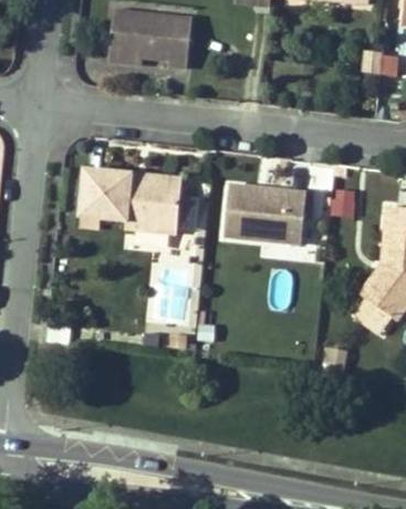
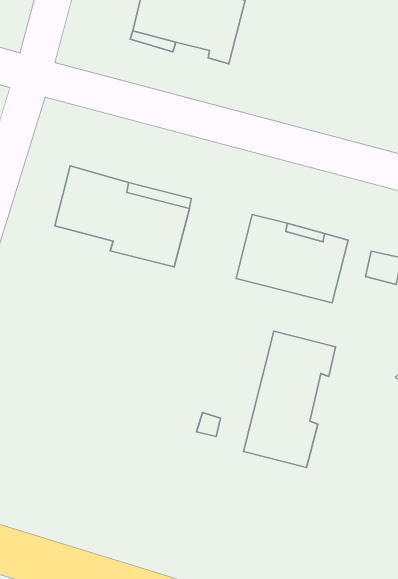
building: none -> [243,331,336,468]

